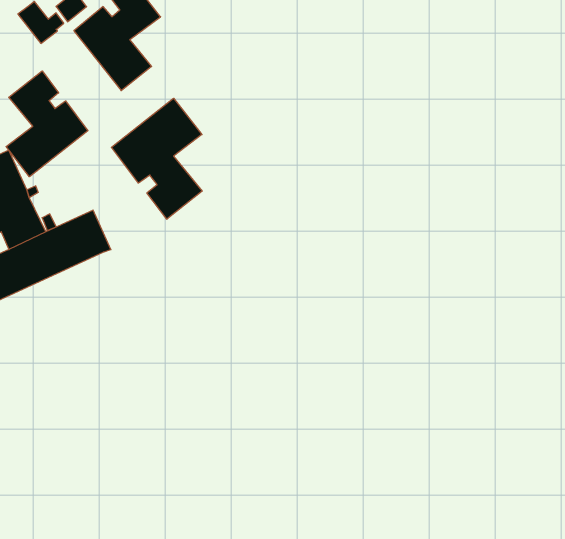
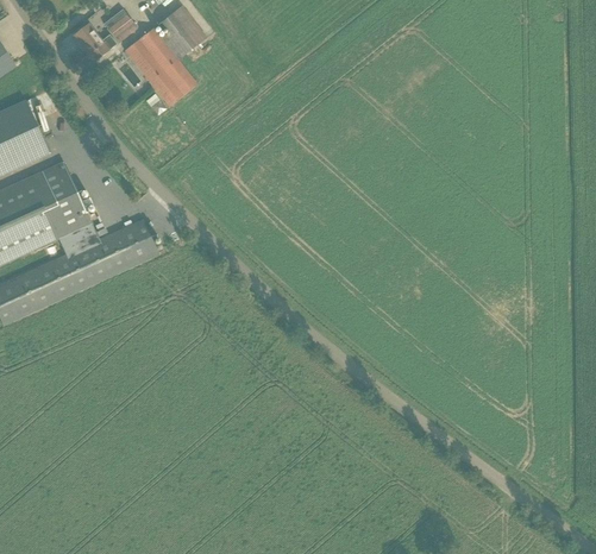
building: [6,71,88,177] -> none
building: [111,98,202,219] -> none

